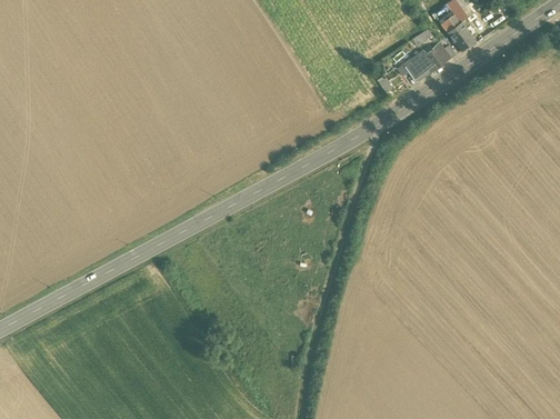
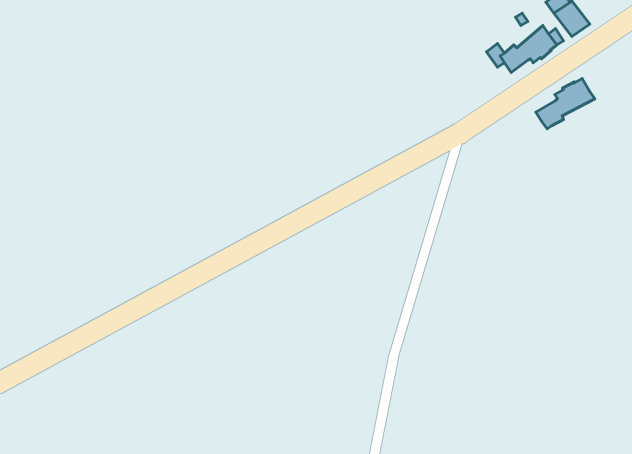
building: none -> [536,79,595,129]

